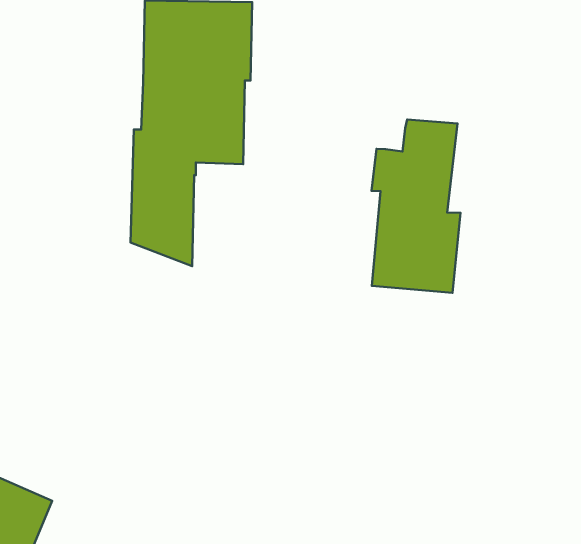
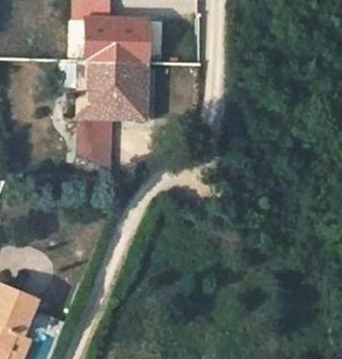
building: [372,119,461,293] -> none

